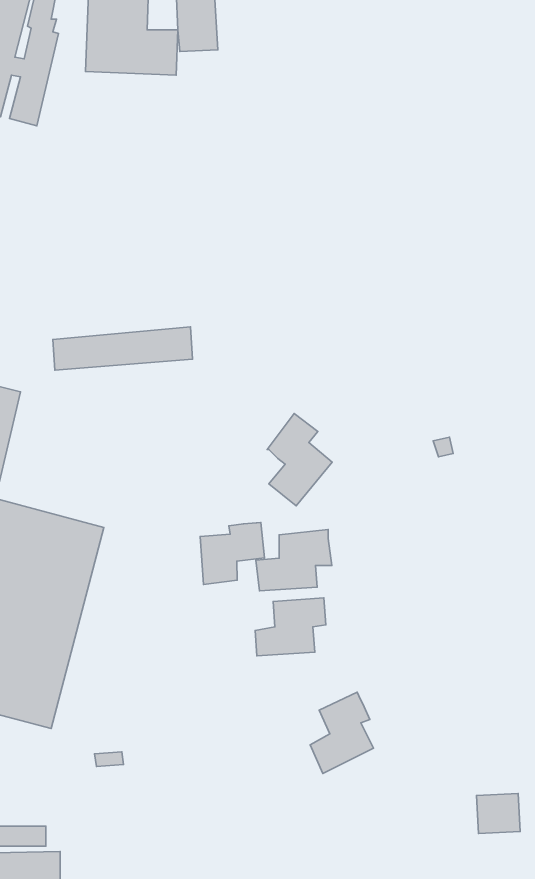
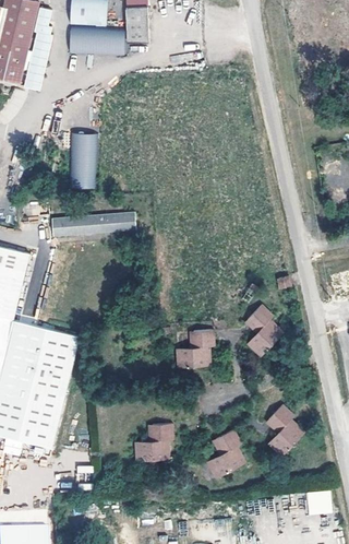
building: none -> [69,132,98,188]
building: [267,413,332,506] -> [242,303,281,358]
building: [200,523,264,584] -> none
building: [255,598,326,656] -> [134,426,177,461]
building: none -> [265,406,305,461]

